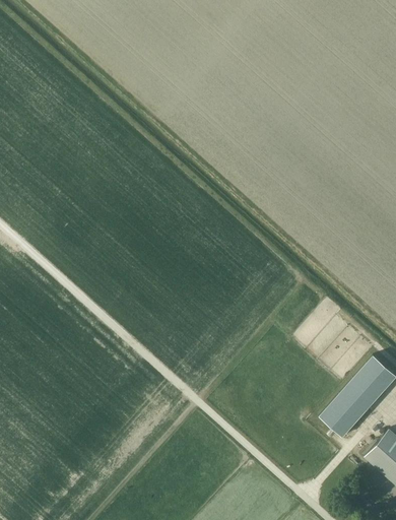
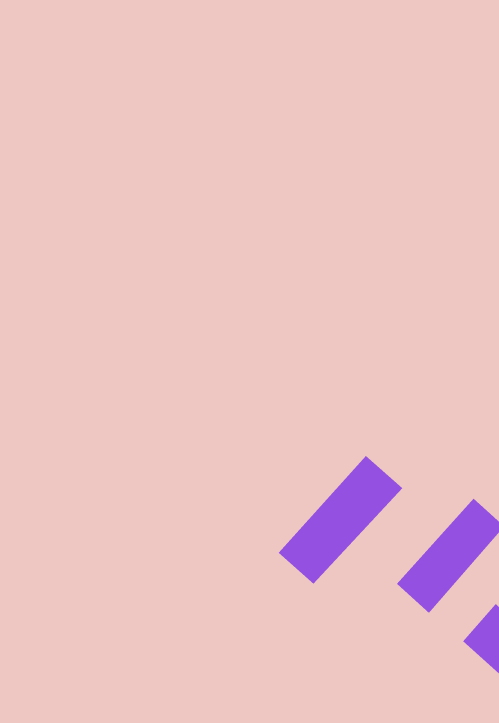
building: none -> [278,455,403,584]

